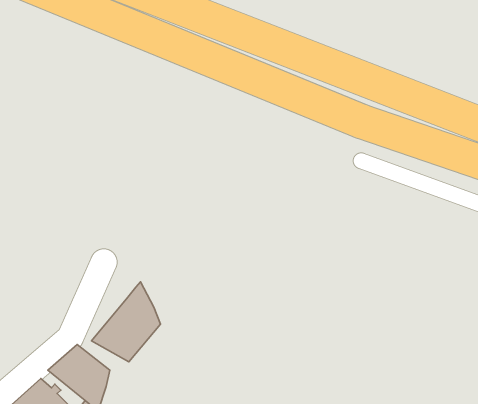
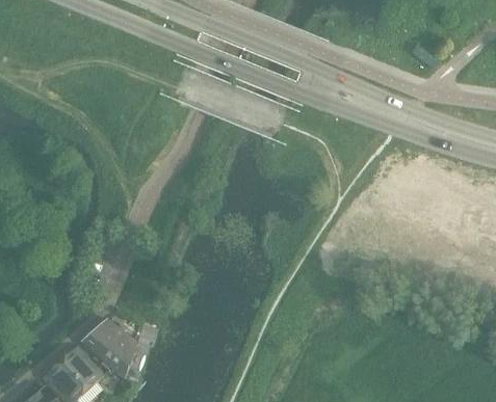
building: [92,282,161,362] -> none

